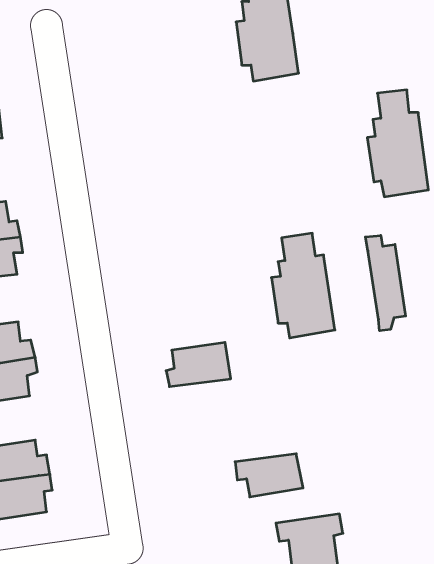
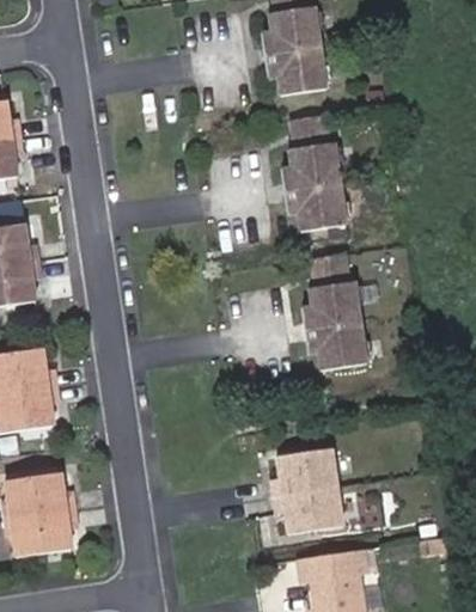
building: [367,90,428,197] -> [283,116,348,228]
building: [365,235,406,331] -> none
building: [166,342,231,387] -> [260,449,328,496]

